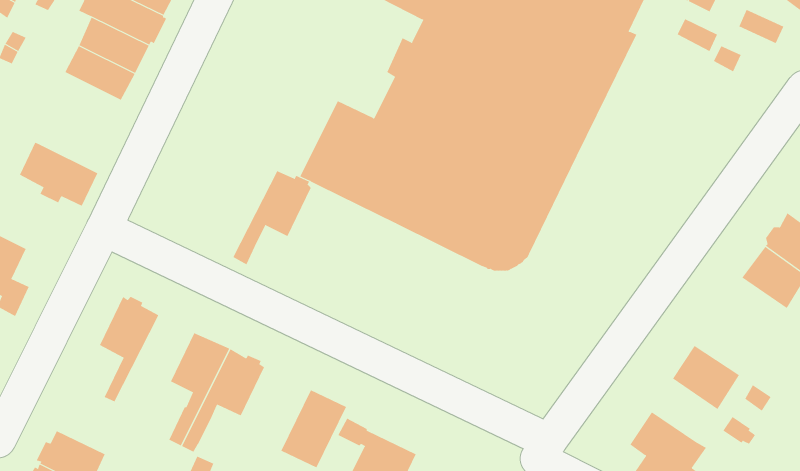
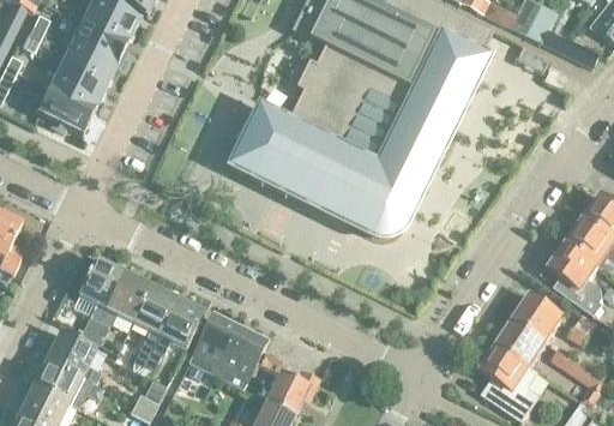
building: [19,142,98,206] -> [35,84,95,133]
building: [233,170,312,265] -> [90,271,150,343]
building: none -> [549,242,602,316]
building: none -> [189,314,239,374]
building: none -> [498,319,548,367]
building: none -> [46,330,101,383]

